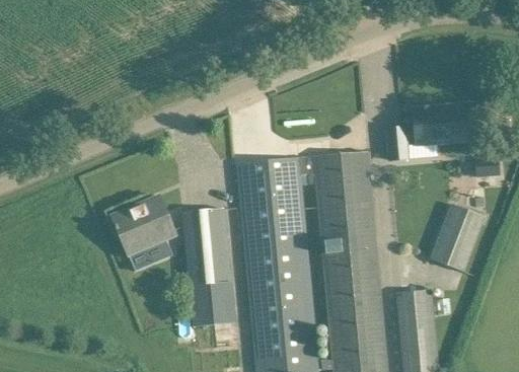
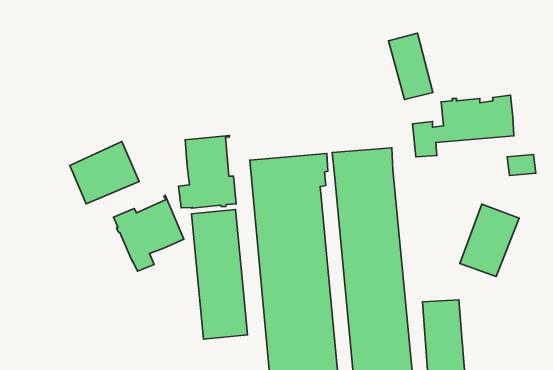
building: none -> [388,33,433,99]
building: none -> [179,135,236,208]
building: none -> [70,142,139,204]

